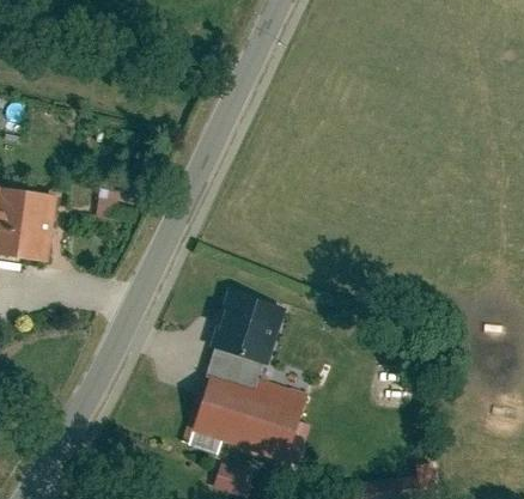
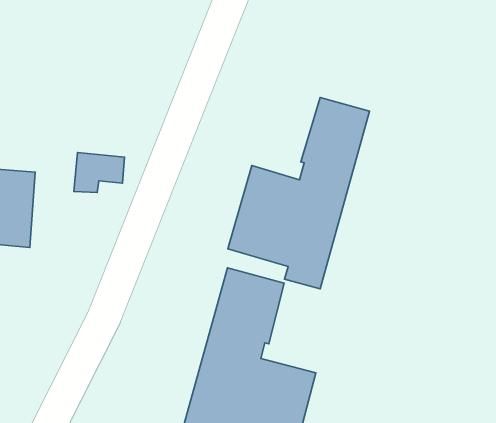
building: none -> [228,97,369,289]

